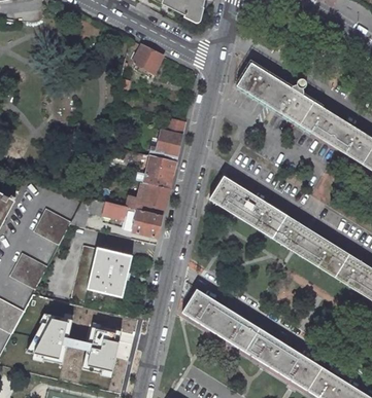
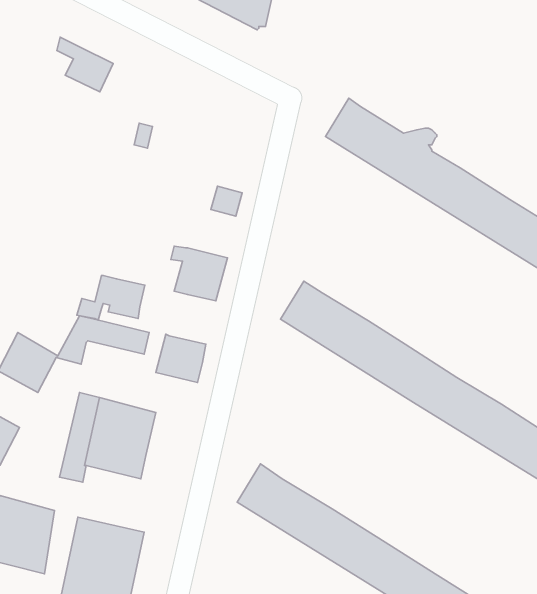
building: [128,38,163,72] -> [57,37,113,92]
building: [150,130,181,160] -> none
building: [127,181,169,209] -> [77,275,145,320]

